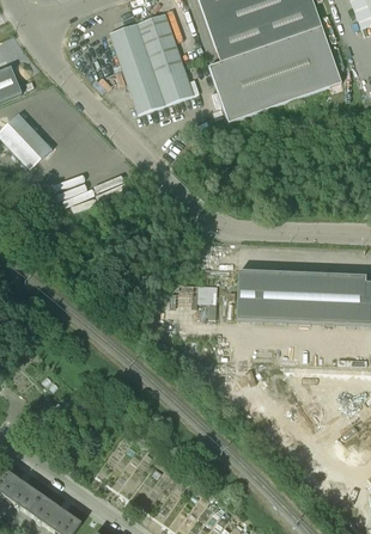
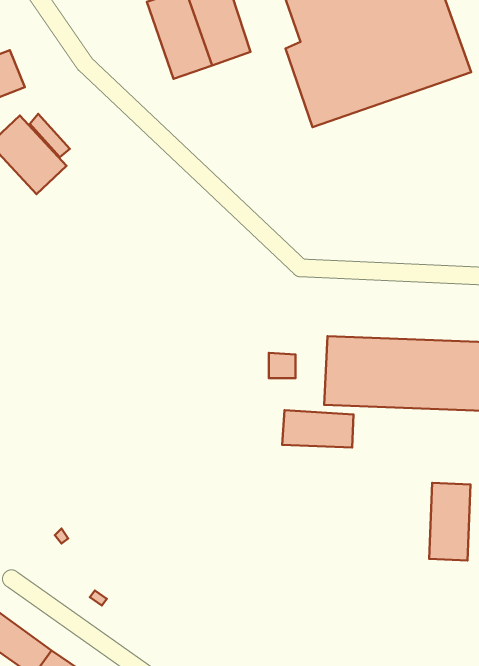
building: [129,67,194,113] -> none
building: none -> [282,410,353,447]
building: none -> [429,483,470,560]

